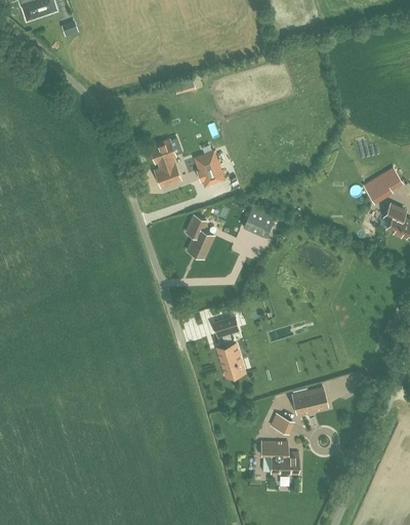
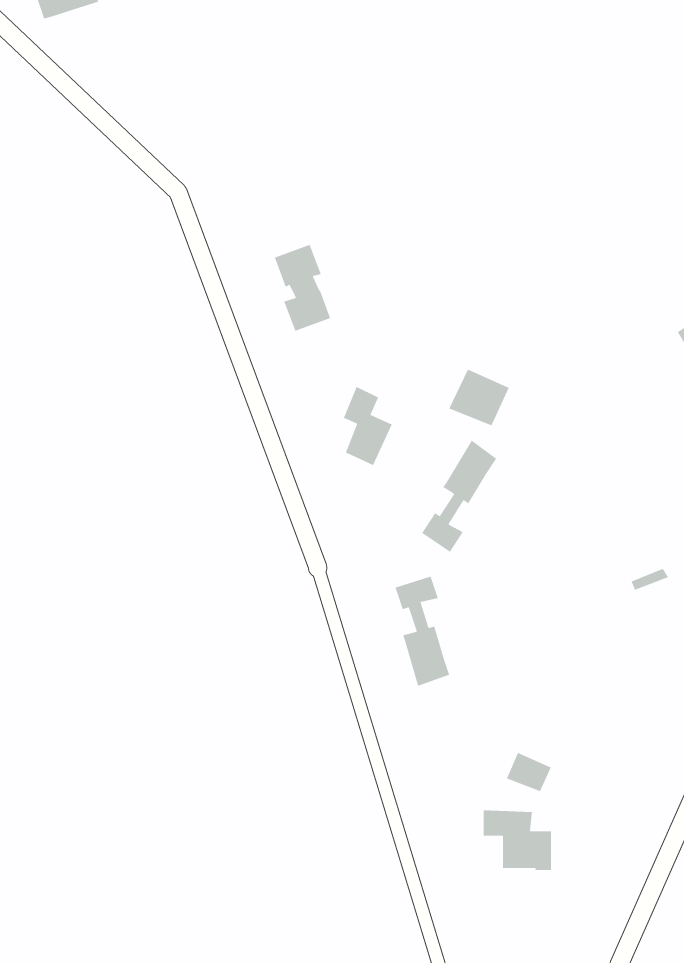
building: [194,150,223,186] -> none
building: none -> [421,439,497,553]
building: [291,387,327,413] -> none

